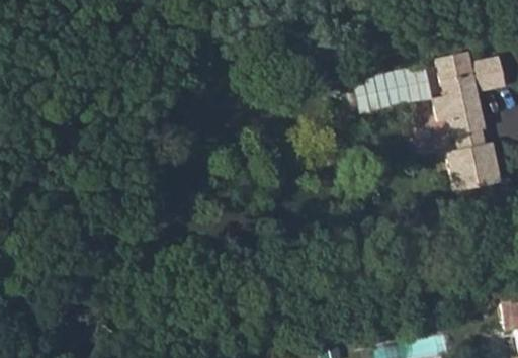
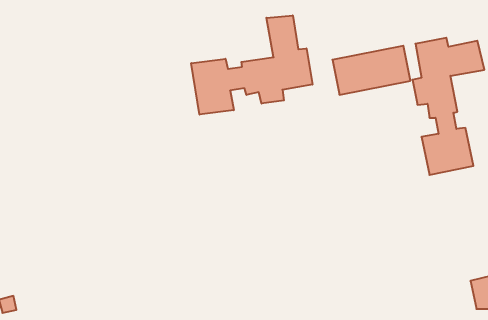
building: none -> [191,15,312,115]

